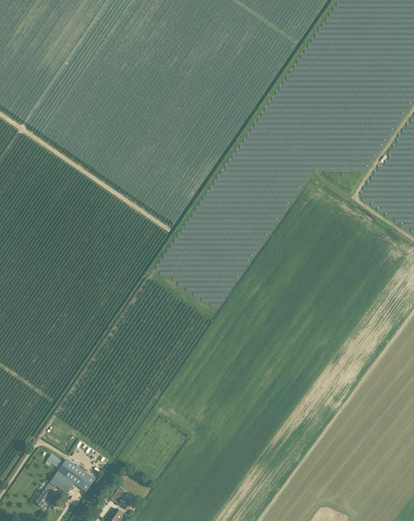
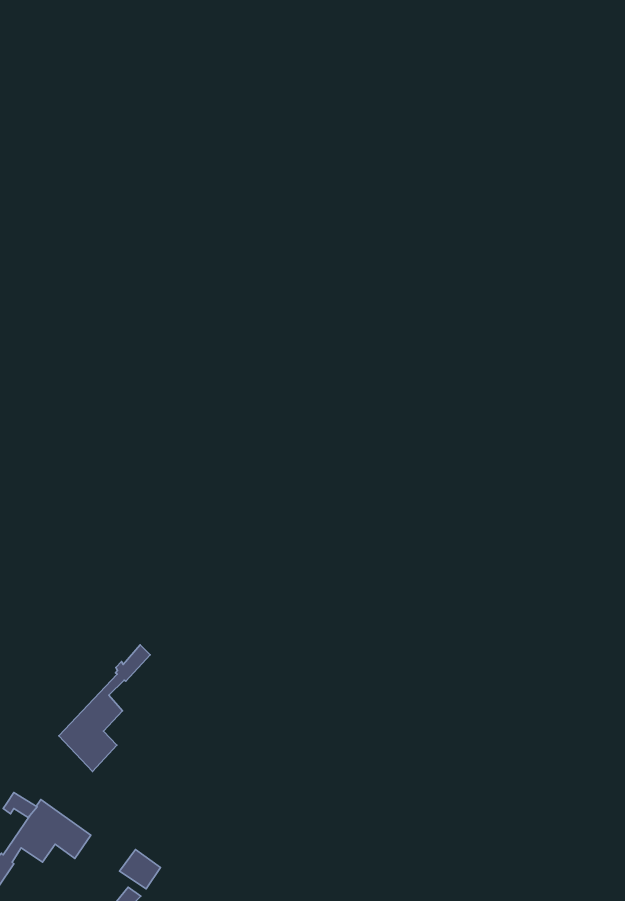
building: none -> [59,645,150,771]

